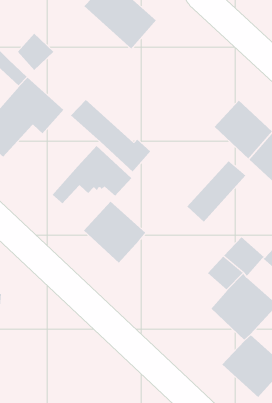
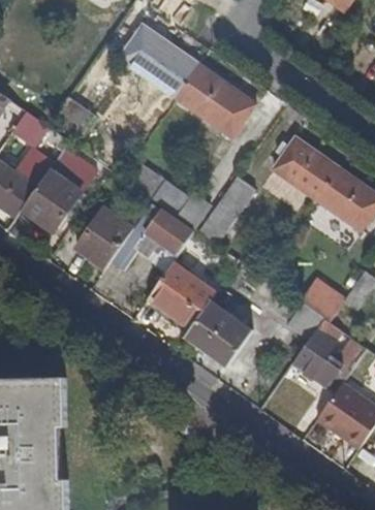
building: none -> [174,64,254,138]
building: none -> [73,206,132,269]
building: [186,160,246,222] -> [194,176,253,245]
building: none -> [184,299,251,365]

